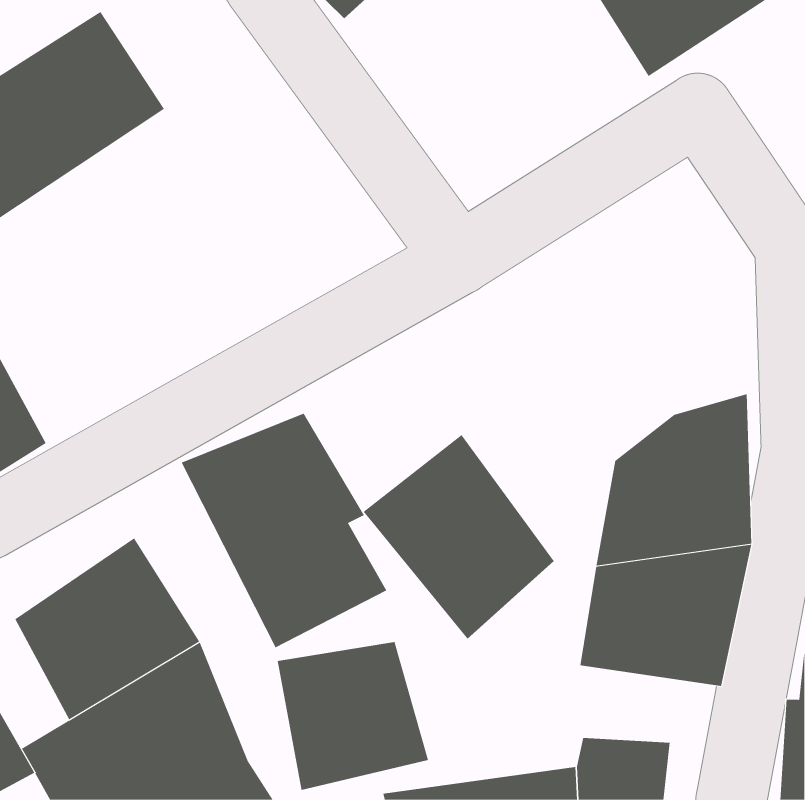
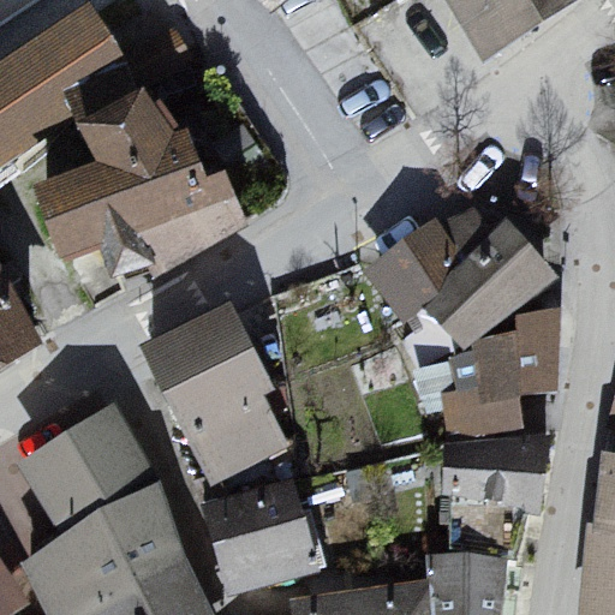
building: none -> [37,85,244,267]
building: none -> [360,213,555,346]
building: [363,434,554,640] -> none

